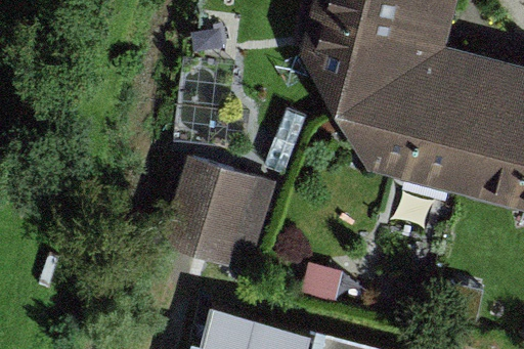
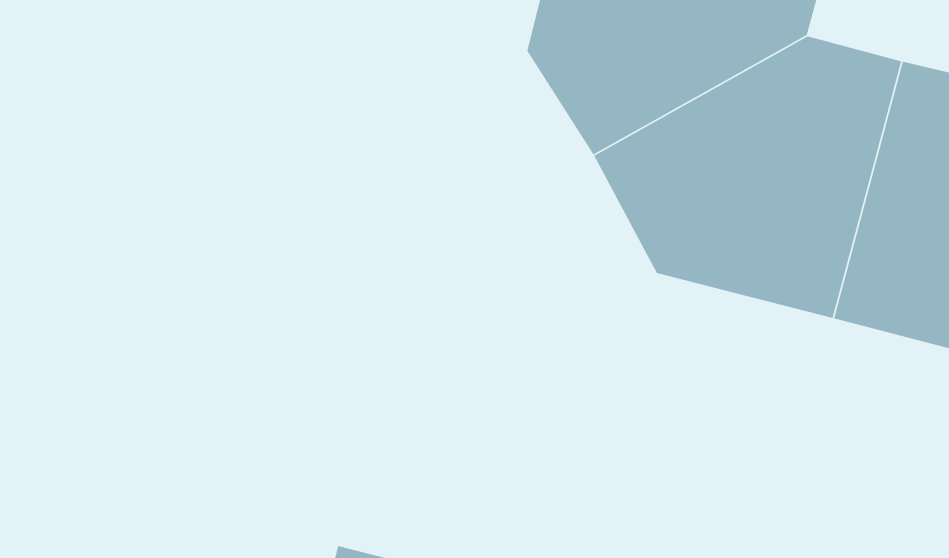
building: [161,159,277,269] -> none

